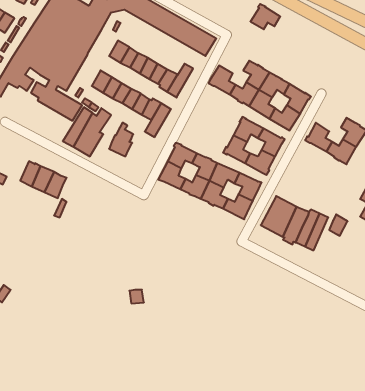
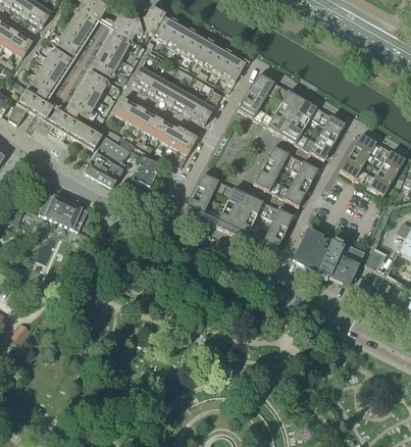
building: [250,4,280,29] -> [249,72,280,99]
building: none -> [351,133,383,160]

